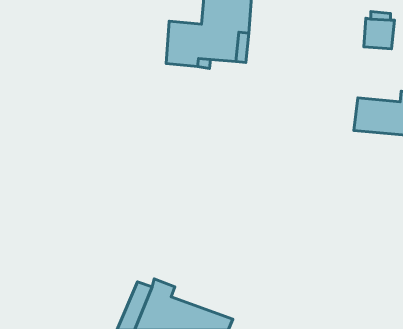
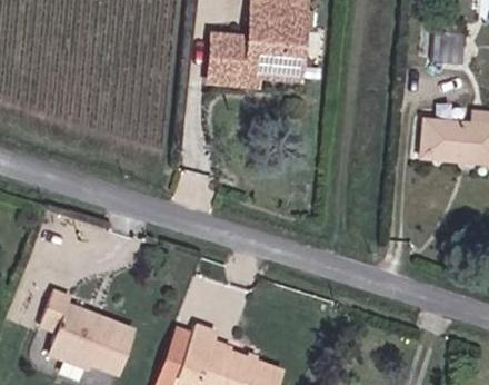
building: none -> [39,288,137,373]

